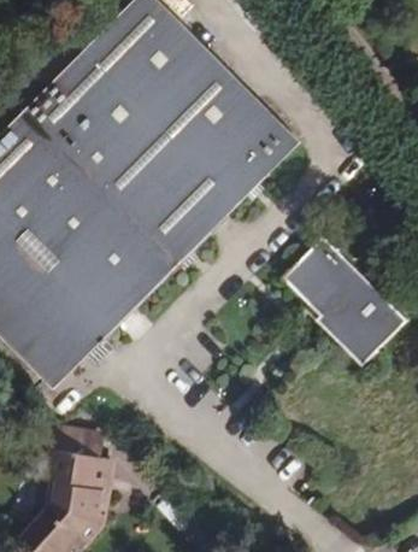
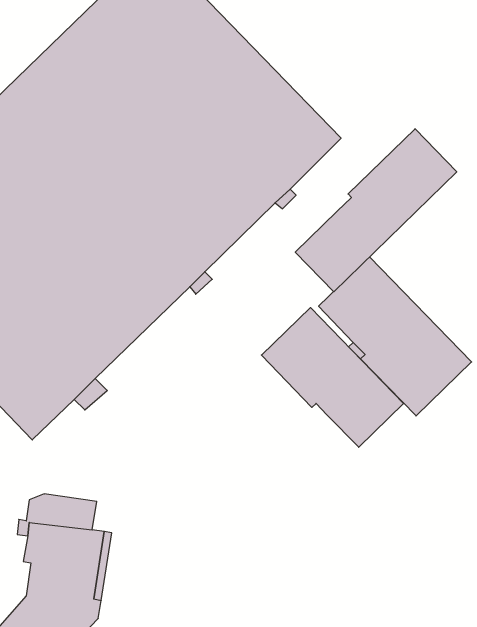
building: none -> [295,129,457,292]
building: none -> [261,308,404,447]

